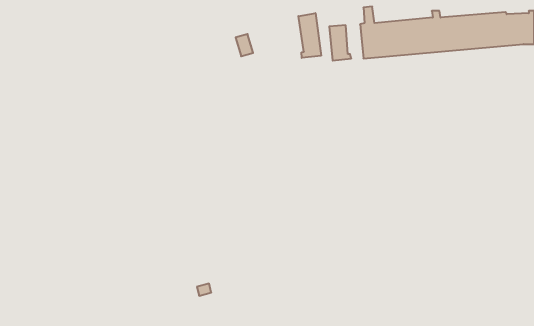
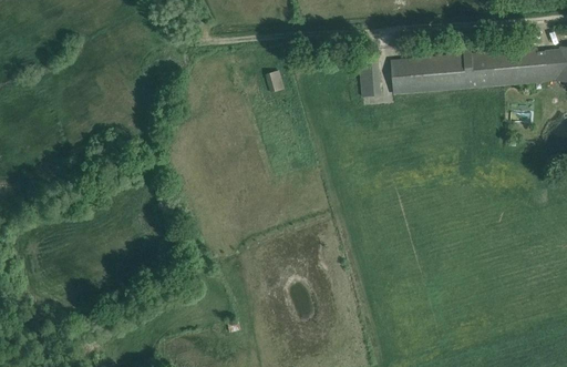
building: [298,13,321,58] -> none

